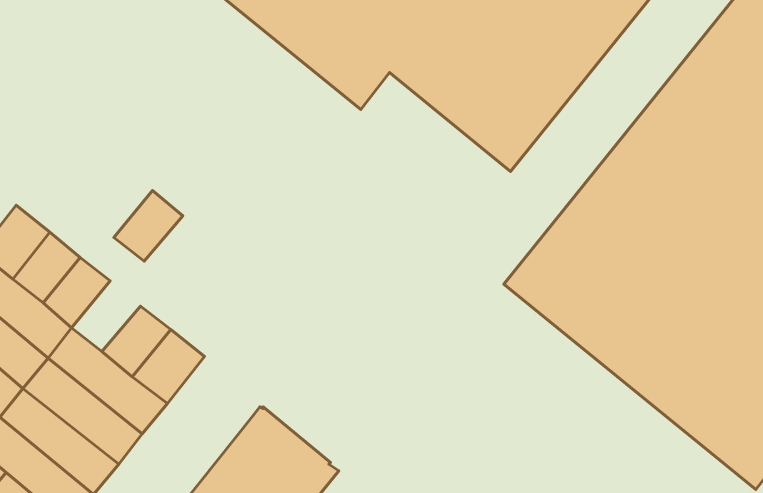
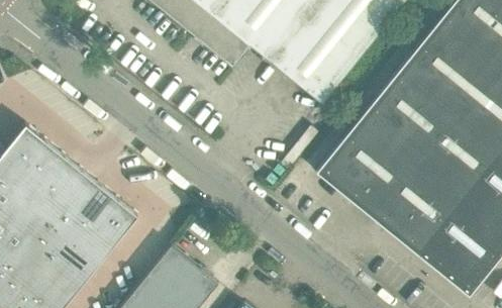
building: [114,191,183,261] -> [58,170,99,212]

